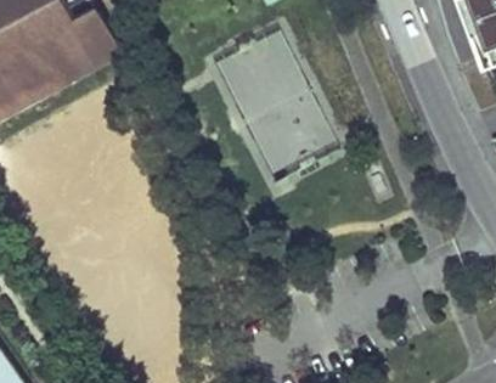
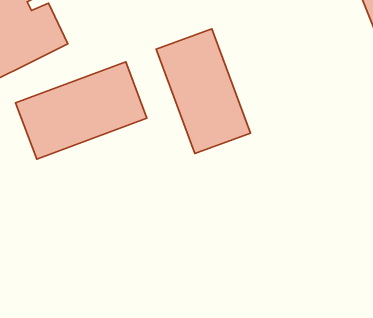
building: none -> [16,62,147,159]

